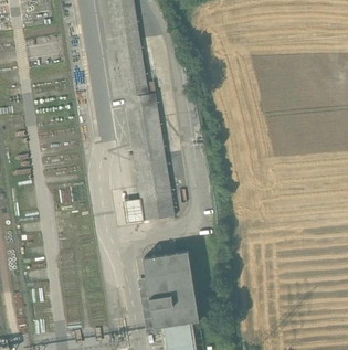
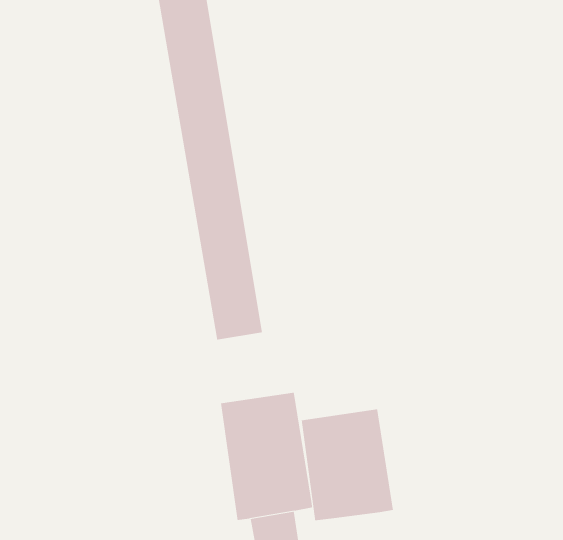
building: none -> [301,409,394,521]

